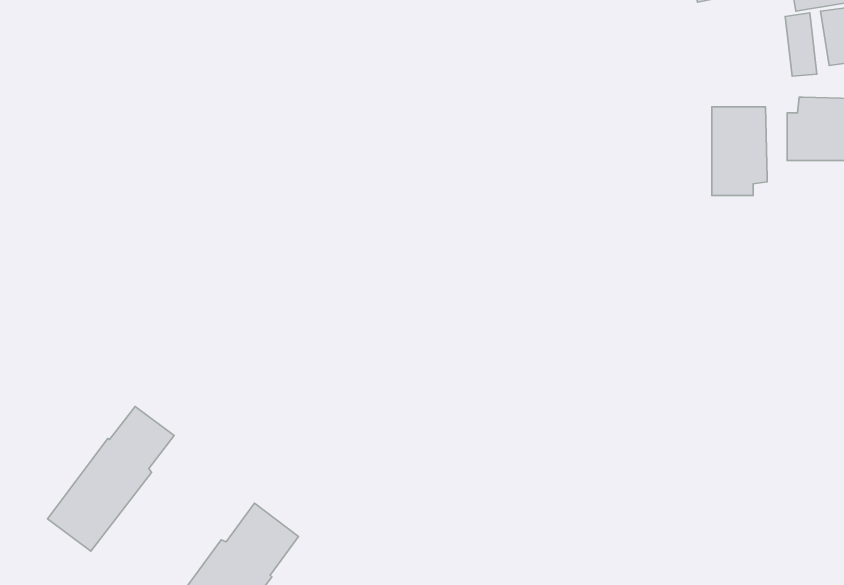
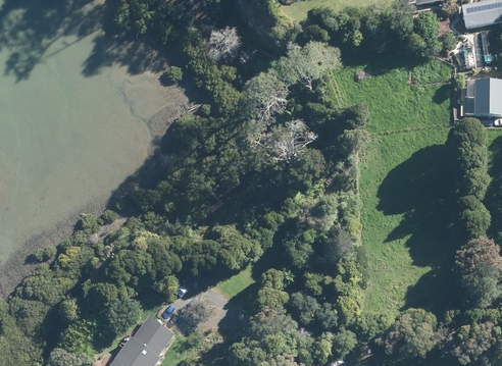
building: [712,107,767,196] -> none
building: [48,407,174,551] -> none

